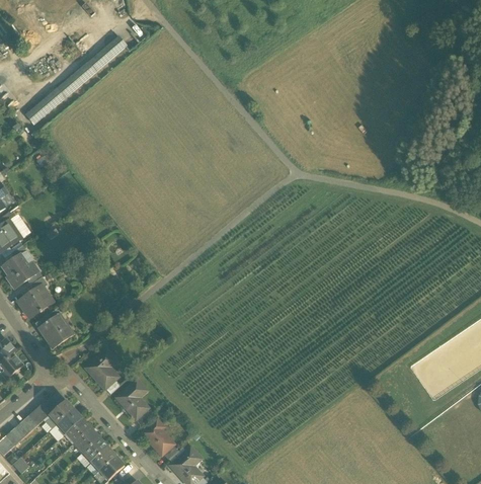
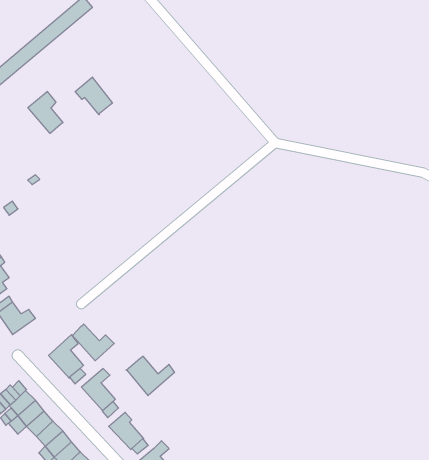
building: none -> [75,77,112,115]
building: none -> [28,91,63,133]
building: none -> [72,324,114,361]
building: none -> [126,356,174,396]

